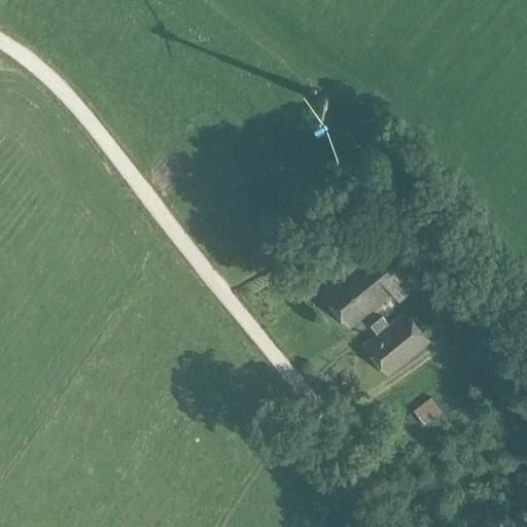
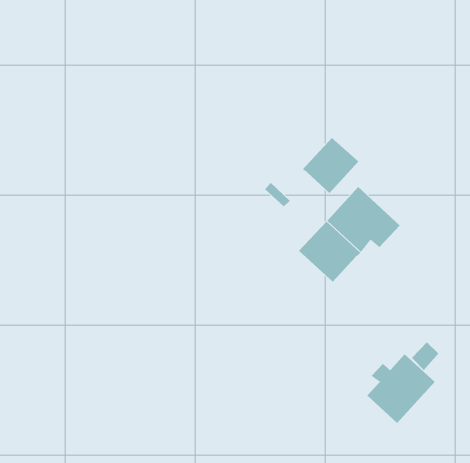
building: none -> [302,137,359,194]
building: [364,313,433,380] -> [366,354,436,424]

